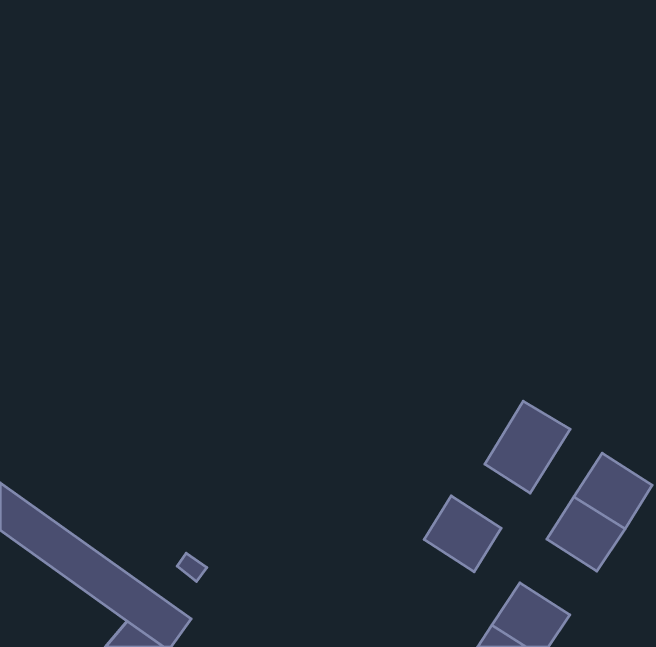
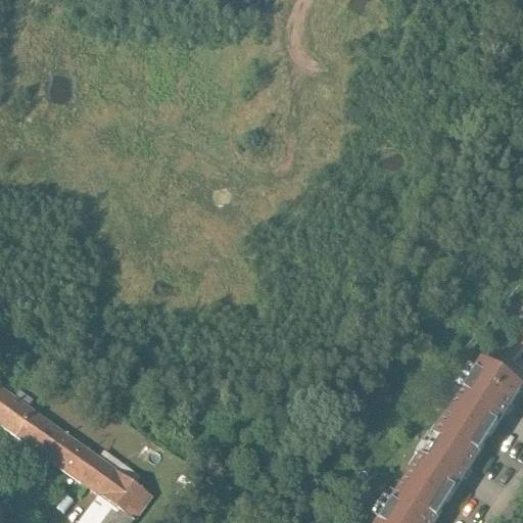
building: [485,401,570,493] -> none
building: [424,496,501,572] -> [414,429,475,489]

